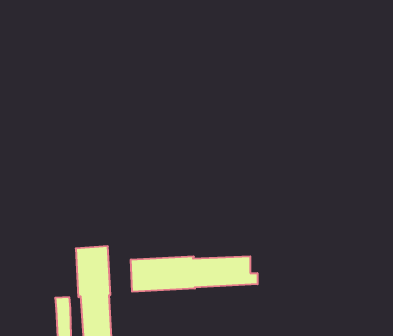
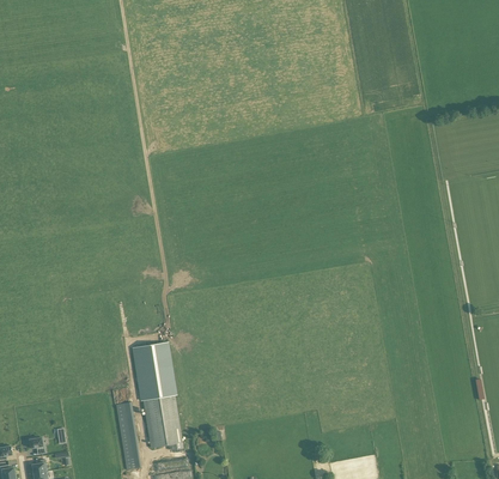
building: [131,256,258,292] -> none

